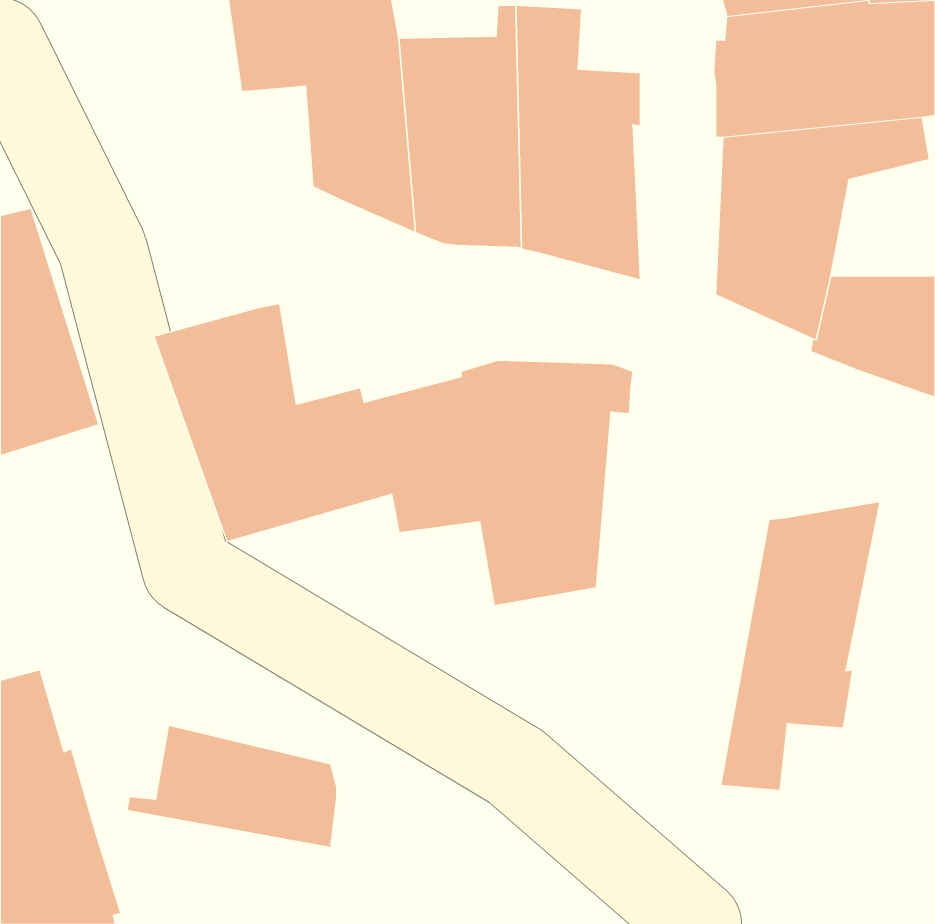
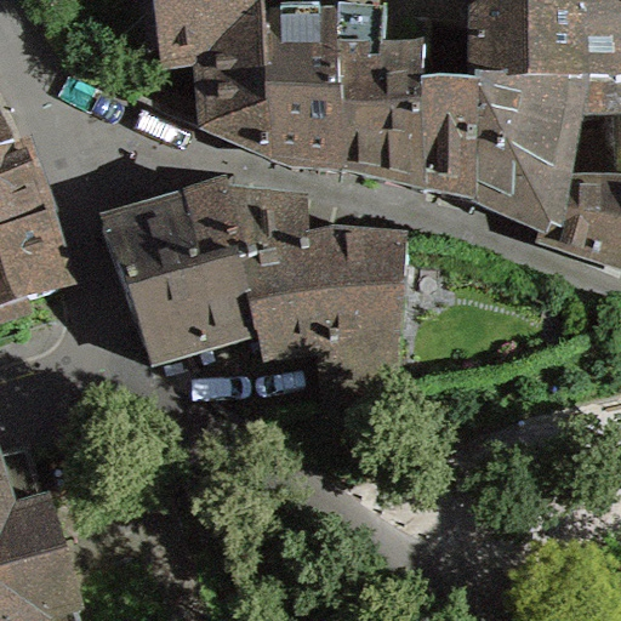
building: none -> [420,82,479,195]
building: none -> [186,190,306,268]
building: [721,502,880,790] -> none
building: [127,725,337,848] -> none

